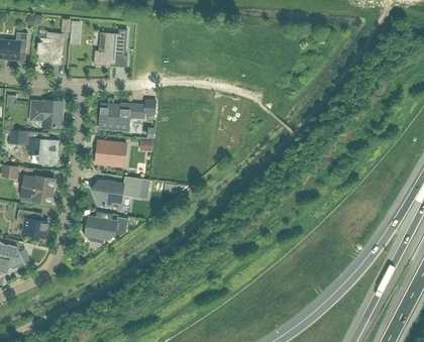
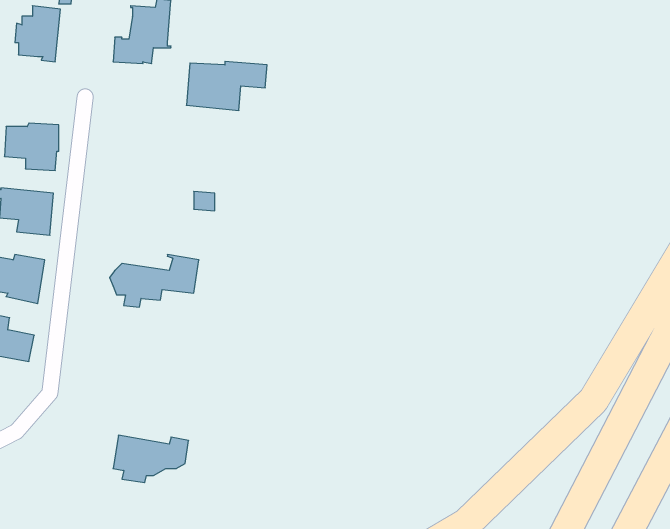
building: [98,103,144,131] -> [186,61,267,110]
building: [95,141,126,165] -> none
building: [84,216,127,243] -> [113,435,189,483]

